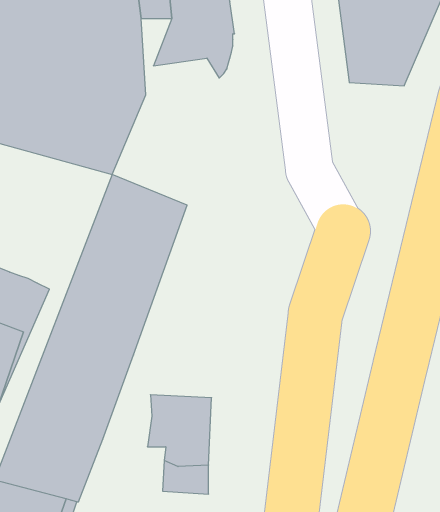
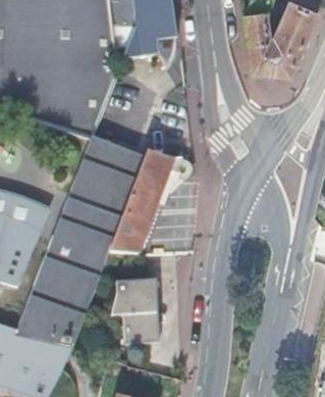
building: none -> [107,145,177,251]

